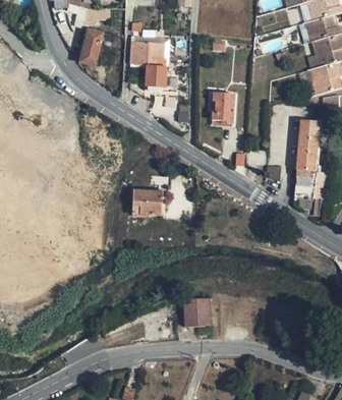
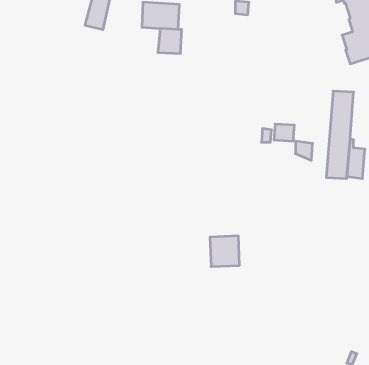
building: [212,93,234,124] -> none
building: [132,190,163,215] -> none
building: [184,299,211,327] -> [210,236,239,267]

